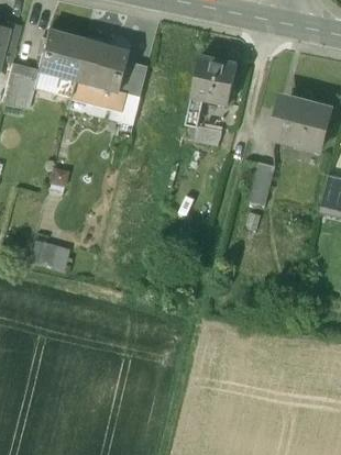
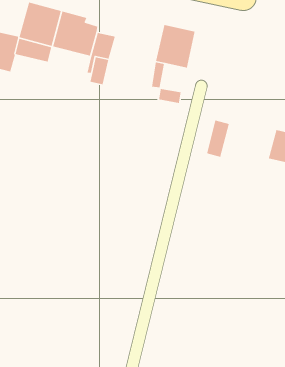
building: [70,80,118,110] -> none
building: [270,96,330,149] -> none
building: [33,238,68,269] -> none

